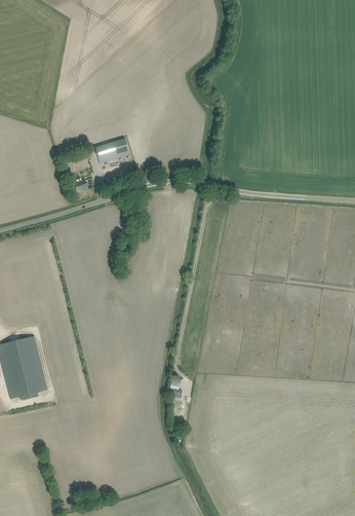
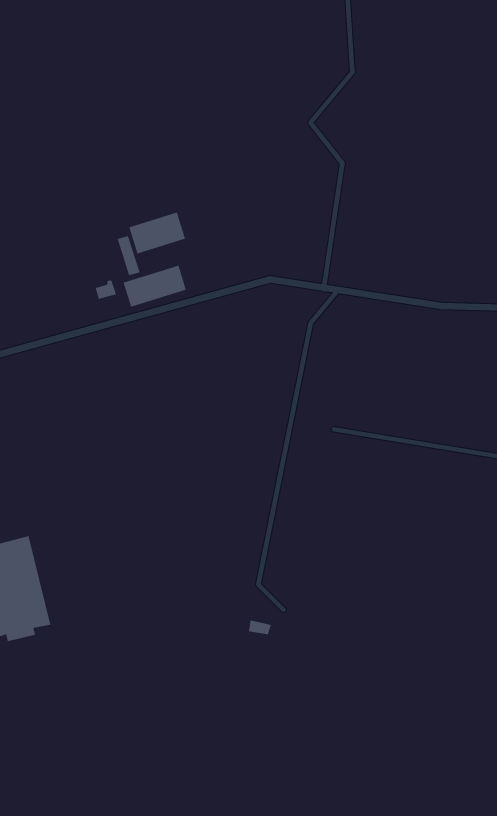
building: none -> [123,265,187,307]

